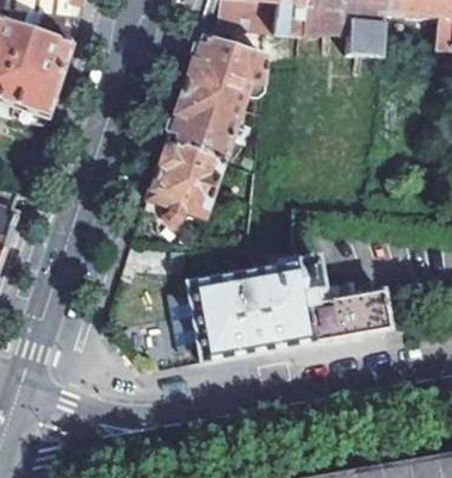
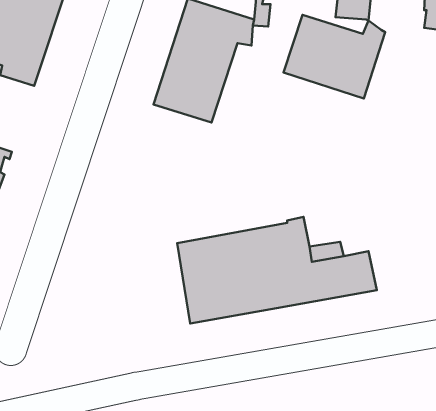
building: none -> [283,15,385,98]
building: [147,141,223,222] -> none

